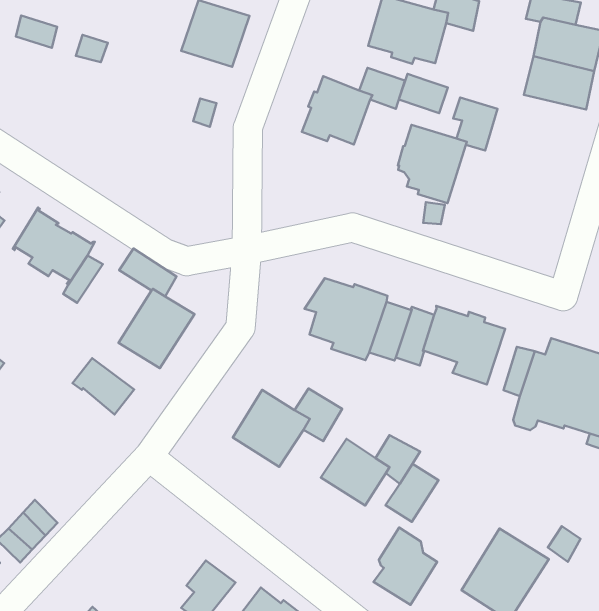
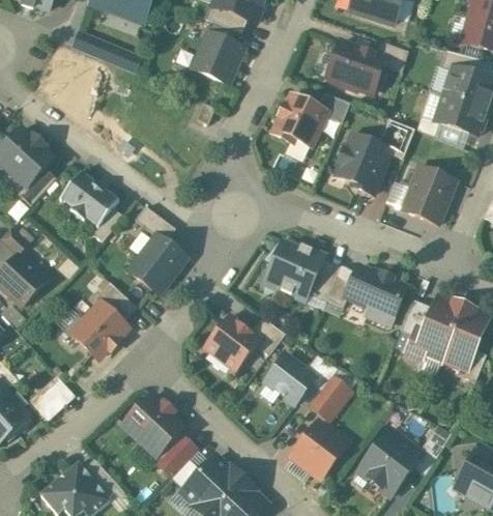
building: [399,74,448,113] -> none
building: none -> [402,167,454,225]
building: none -> [70,303,126,359]
building: none -> [122,396,183,450]

